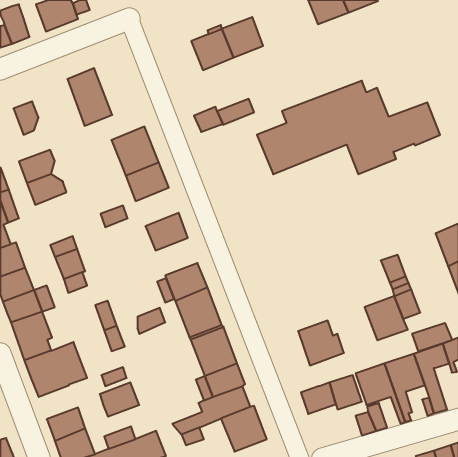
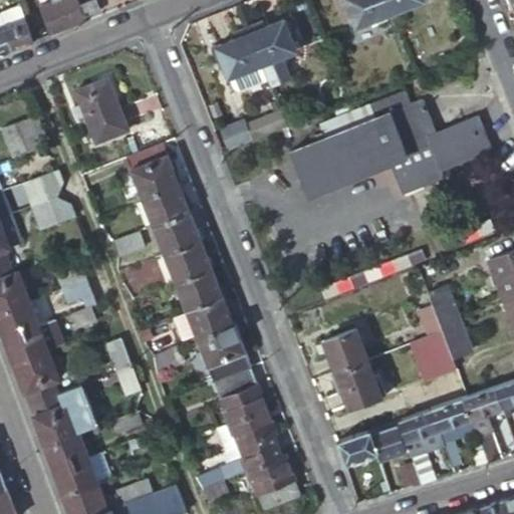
building: none -> [153,212,201,255]
building: none -> [175,268,222,310]
building: none -> [323,330,367,372]
building: [412,323,452,352] -> none
building: [100,382,139,417] -> [44,433,88,471]

